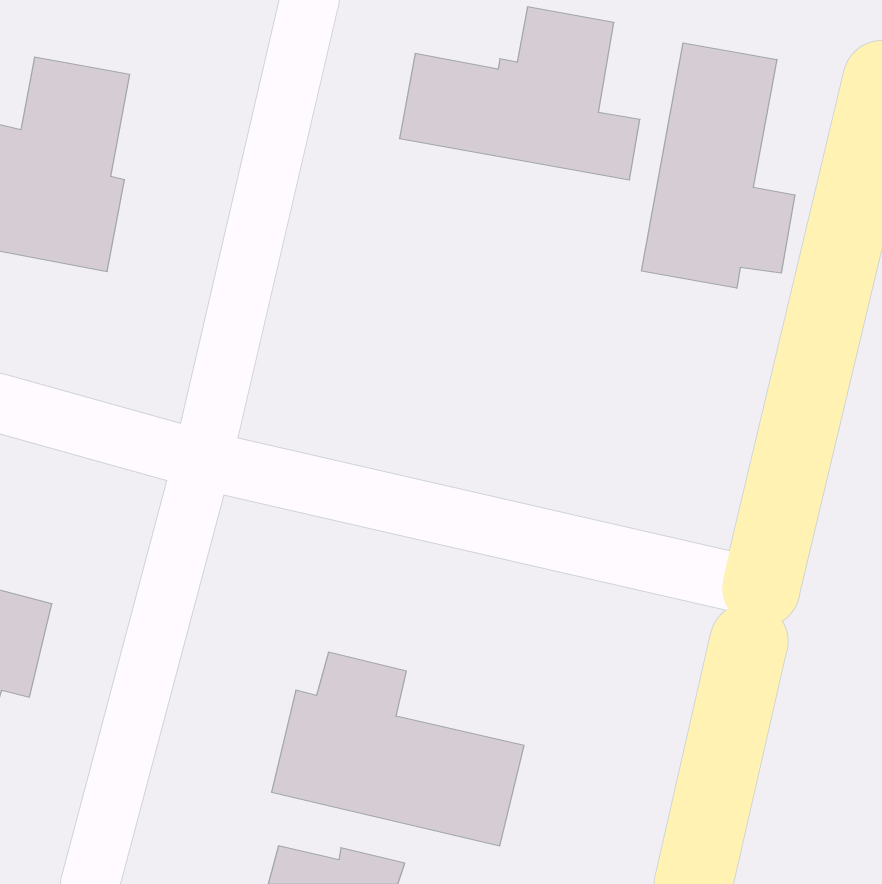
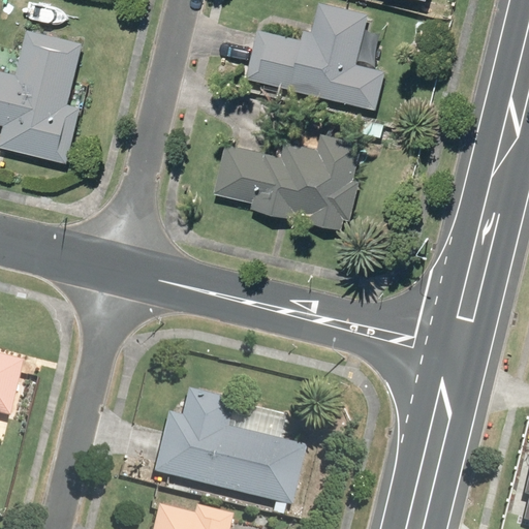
building: [642,43,795,288] -> none
building: none -> [209,133,360,231]

